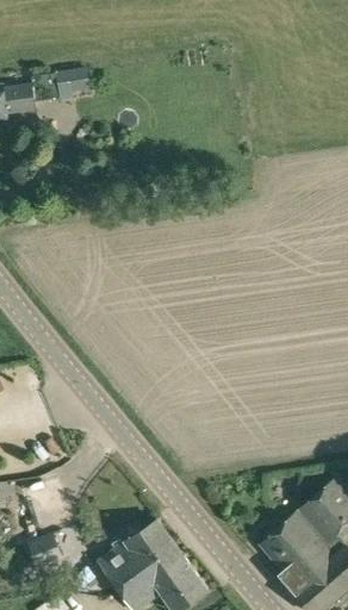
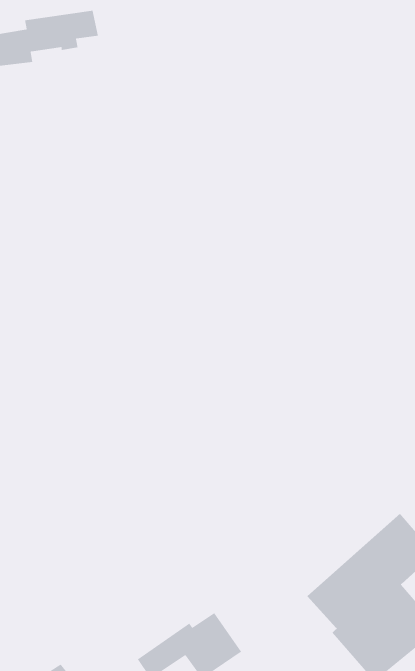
building: [88,518,184,596] -> none
building: [26,531,62,568] -> none

